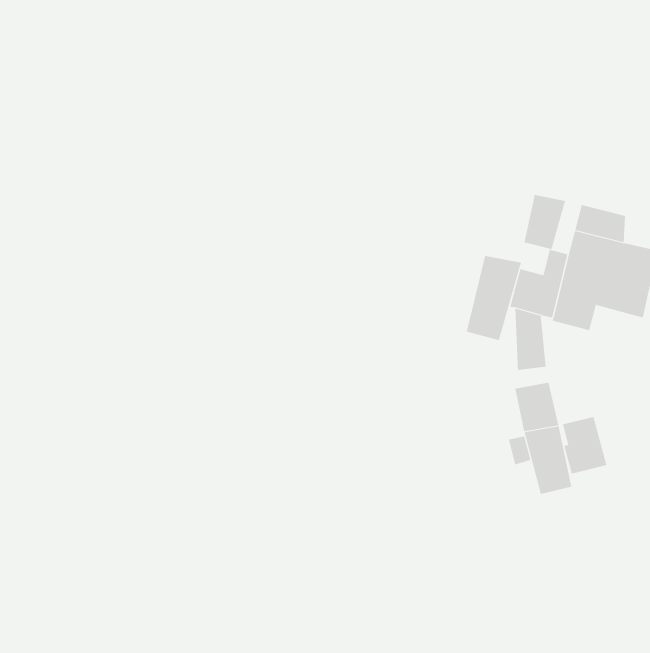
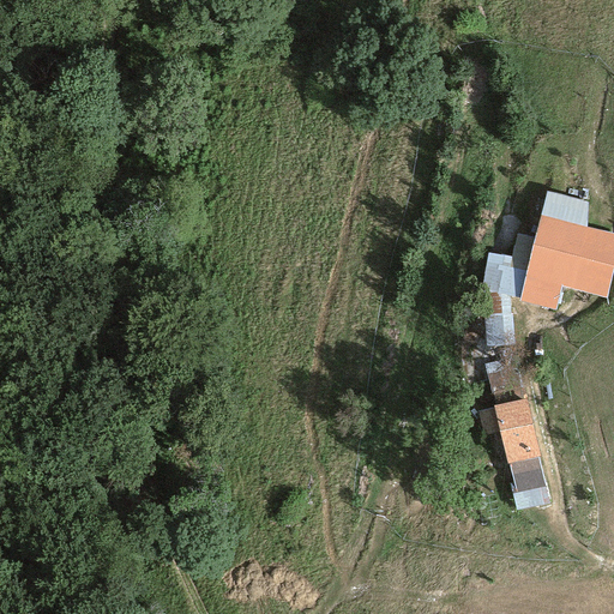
building: [524,194,566,250] -> none
building: [466,255,522,341] -> none
building: [562,417,607,474] -> [510,457,552,511]

